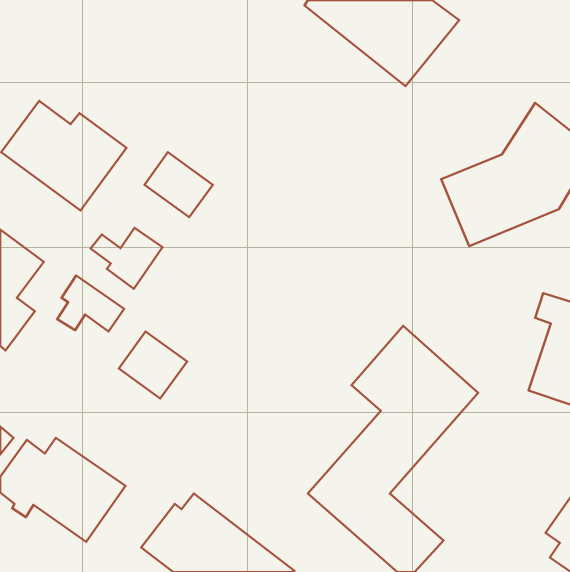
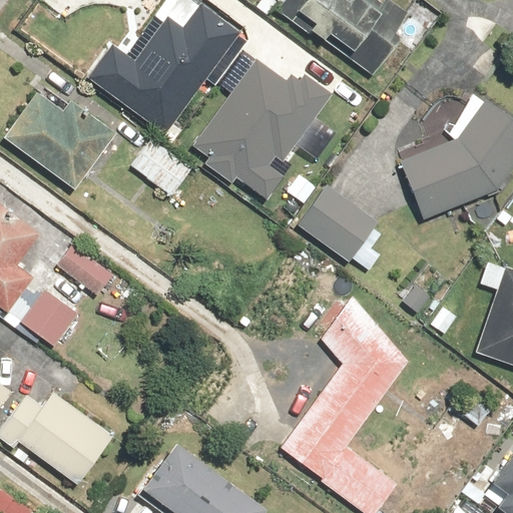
building: none -> [88,4,239,134]
building: none -> [195,55,330,194]
building: none -> [291,184,376,267]
building: [90,228,163,289] -> none
building: [119,331,187,399] -> [20,288,81,348]

